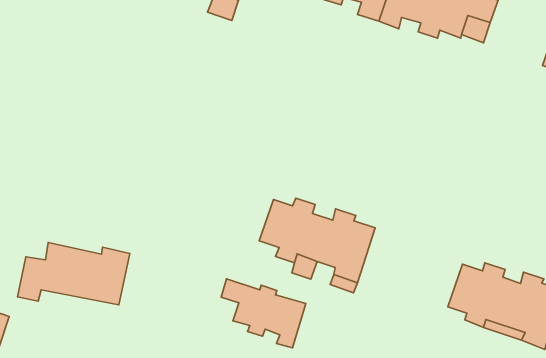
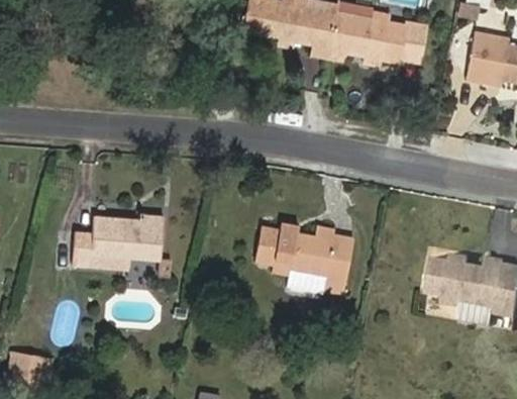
building: [18,243,130,305] -> [71,213,162,268]
building: [221,279,306,348] -> none

